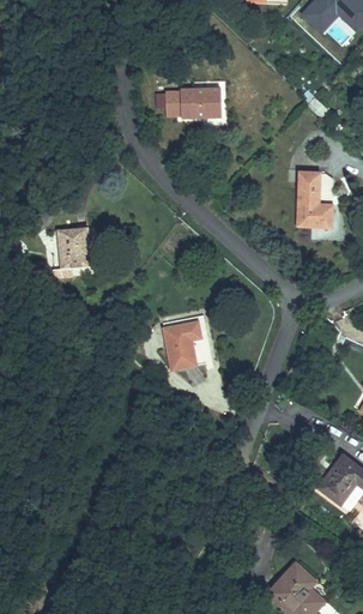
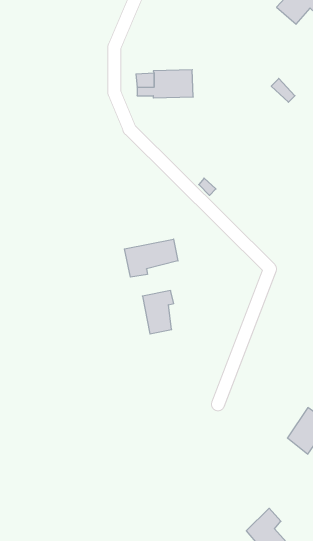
building: [295,174,331,229] -> none
building: [48,230,85,283] -> none
building: none -> [124,239,178,277]

